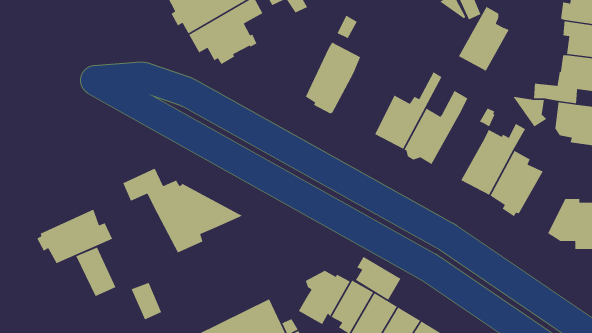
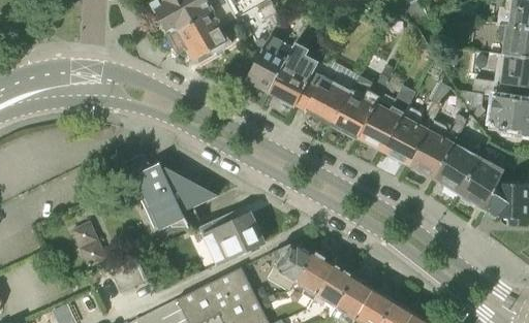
building: [458,6,510,72] -> [383,106,429,164]
building: none -> [247,25,292,91]
building: none -> [297,70,350,124]
building: none -> [460,156,504,211]
building: [36,209,113,264] -> none
building: none -> [198,212,263,260]
building: [355,256,402,301] -> none

